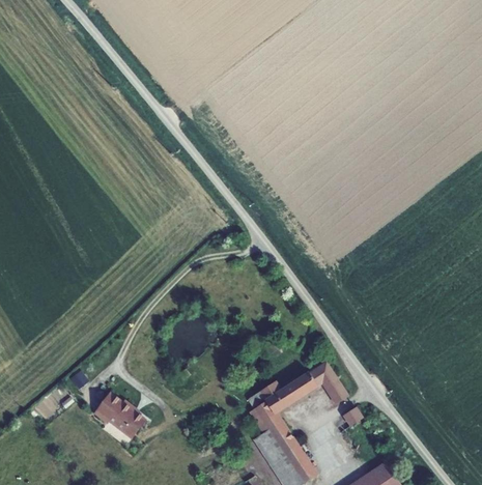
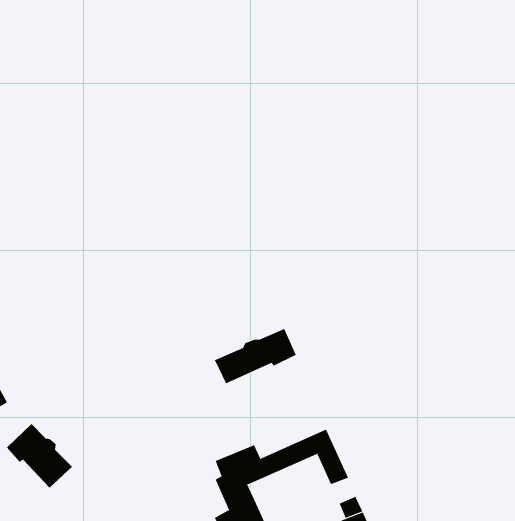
building: none -> [214,328,297,384]

